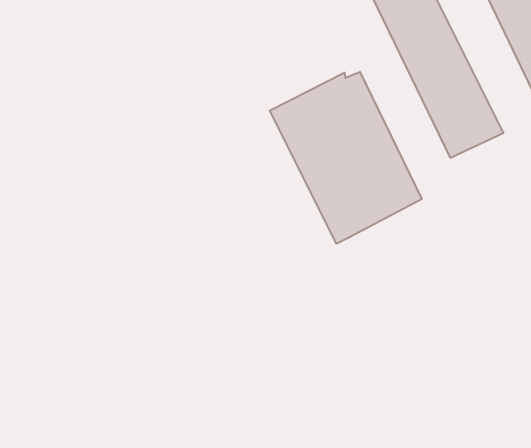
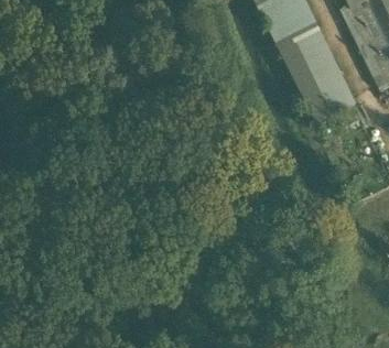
building: [270,72,422,244] -> none

